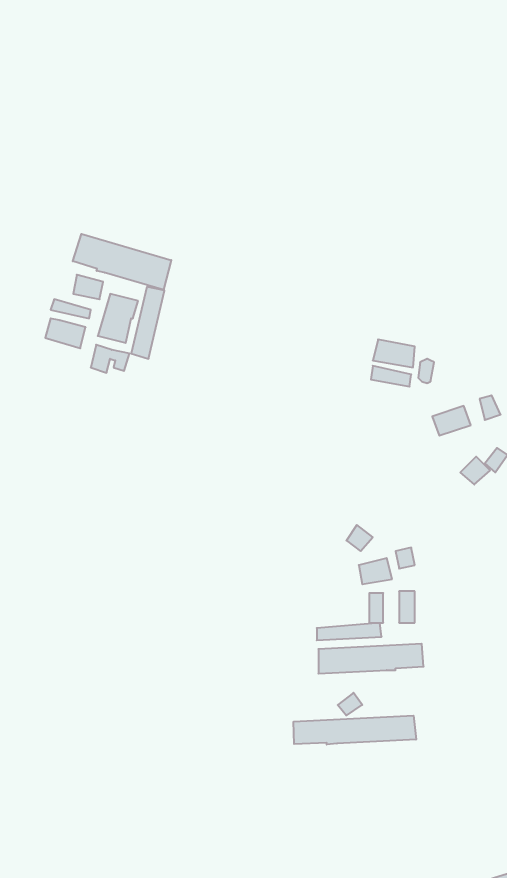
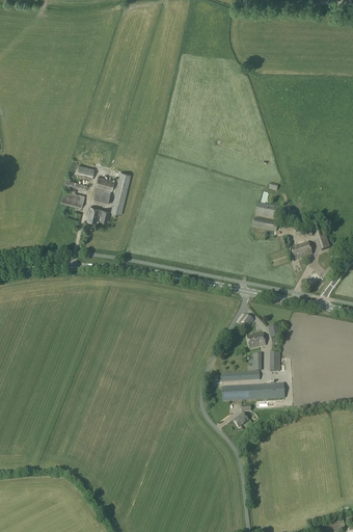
building: [73,234,171,290] -> none
building: [294,716,416,745] -> none

